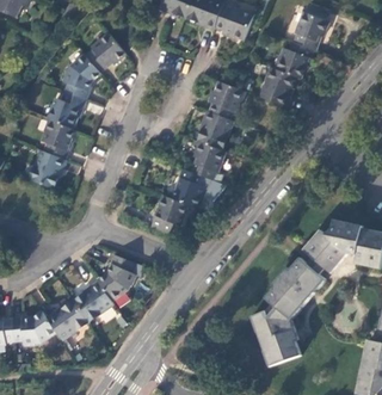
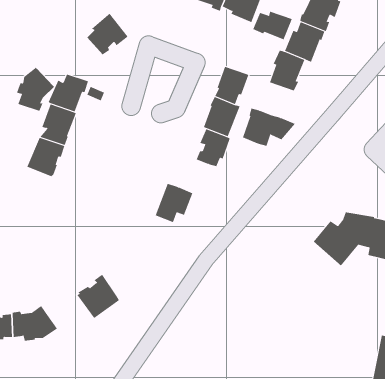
building: none -> [252,11,292,40]
building: [64,54,101,97] -> [16,67,55,112]
building: [173,169,224,206] -> [242,108,296,146]
building: [99,255,147,303] -> none
building: [251,258,325,368] -> none
building: [47,302,92,342] -> none

